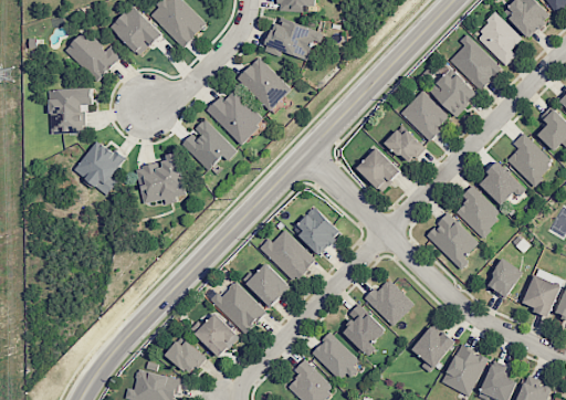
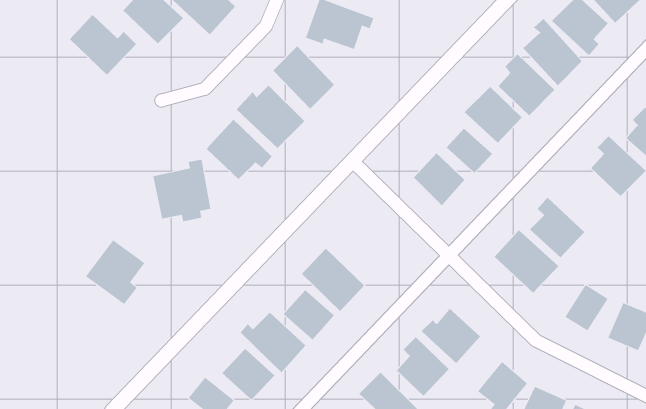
building: [50,87,92,133] -> none
building: [74,139,125,194] -> [85,240,145,305]
building: [479,162,526,206] -> none
building: [292,204,340,254] -> none

